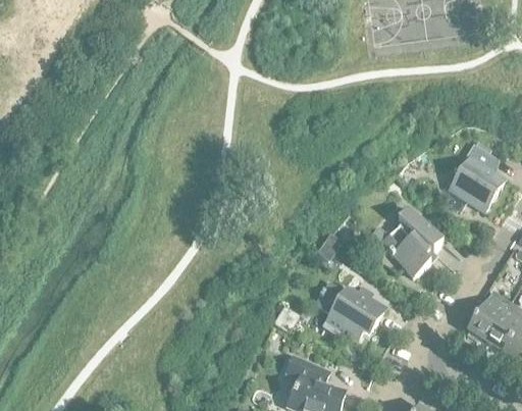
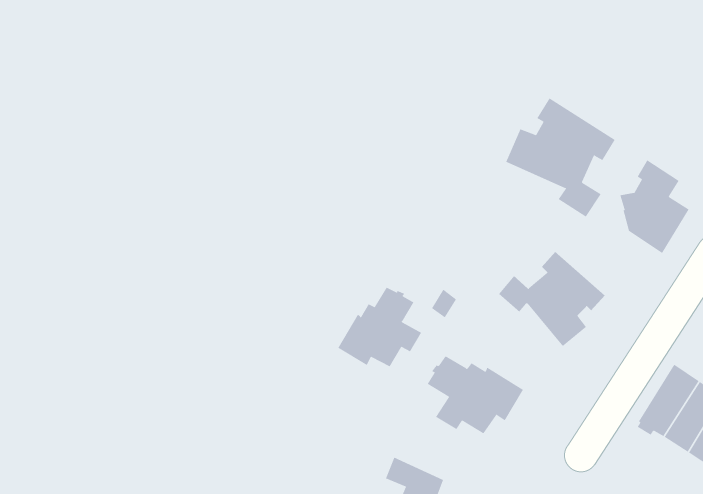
building: none -> [506,97,616,218]
building: none -> [338,287,422,367]

